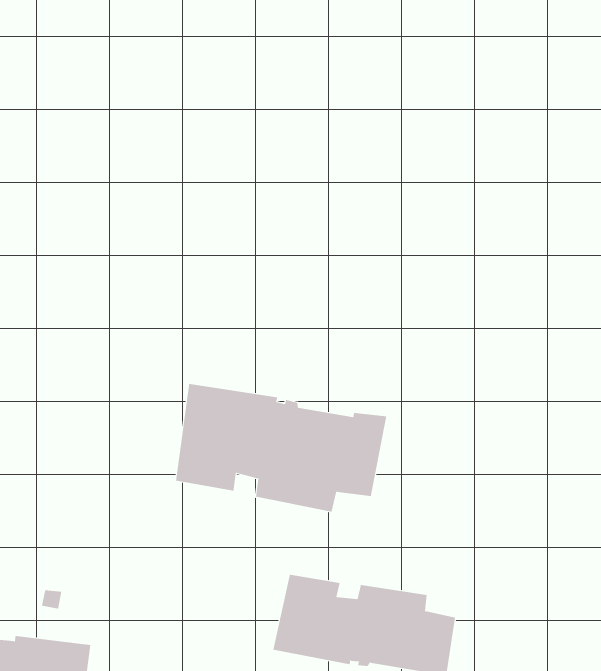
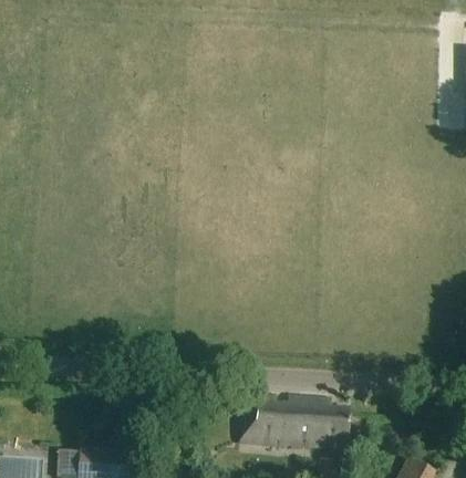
building: [175,383,387,512] -> none

